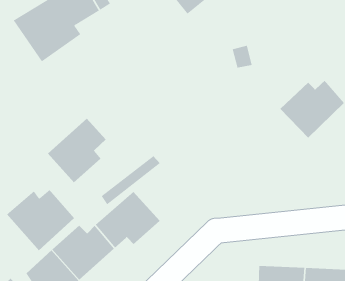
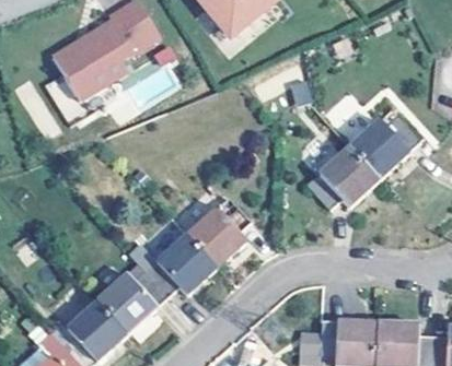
building: none -> [304,146,375,208]
building: [47,118,107,183] -> [183,198,248,270]
building: [6,189,75,251] -> none

